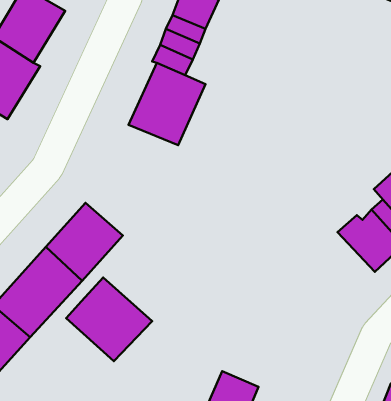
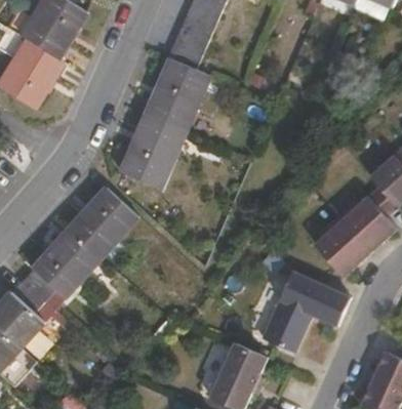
building: none -> [120,117,190,194]
building: none -> [312,214,368,276]
building: [66,278,152,361] -> none
building: none -> [258,268,349,352]

